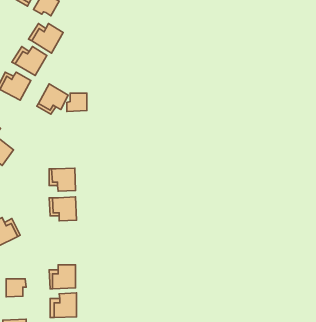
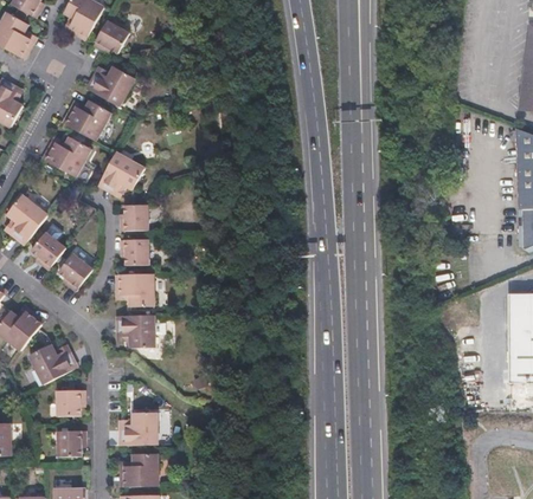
building: [67,93,87,111] -> [122,203,150,229]
building: none -> [122,238,152,264]
building: none -> [60,252,95,290]
building: none -> [56,389,84,416]

